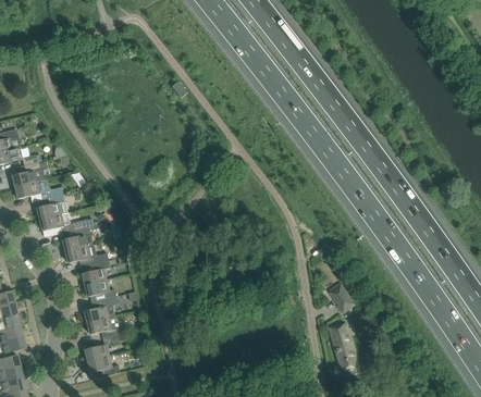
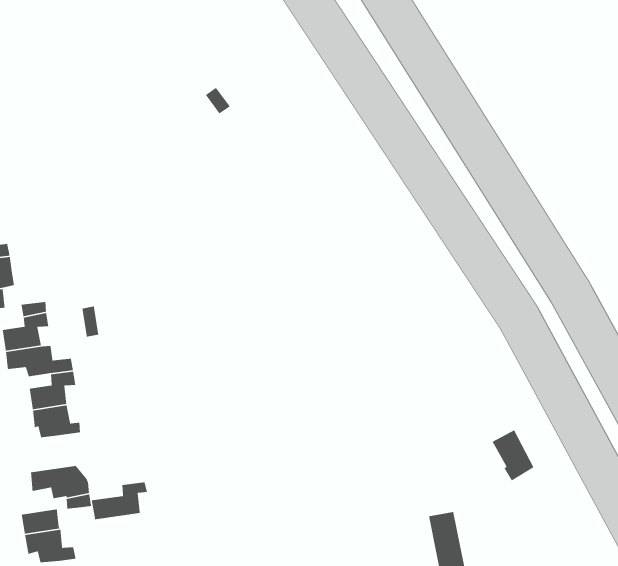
building: [328,281,355,312] -> [492,429,534,482]
building: [84,296,118,322] -> [91,481,148,520]

